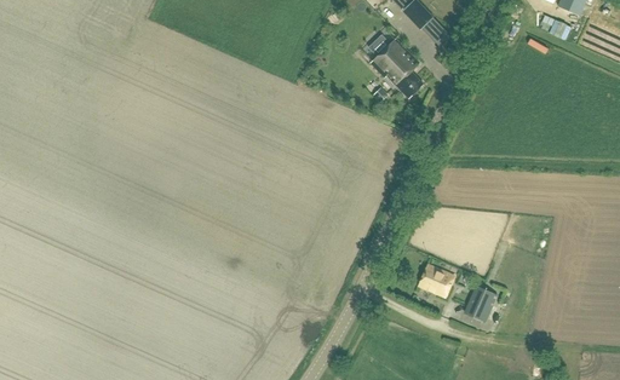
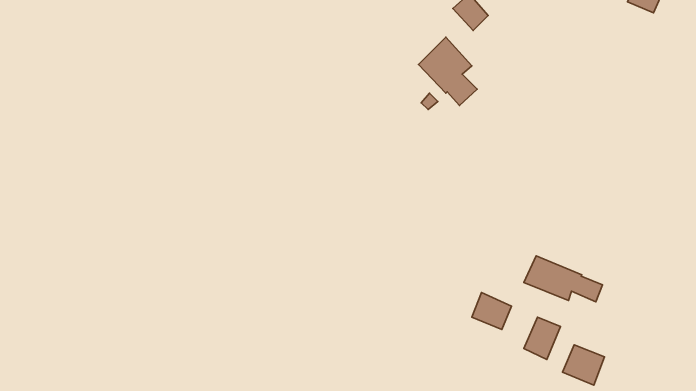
building: none -> [524,256,602,302]
building: none -> [563,345,605,385]

